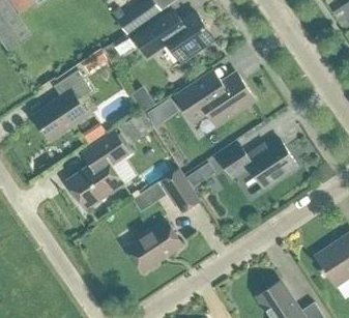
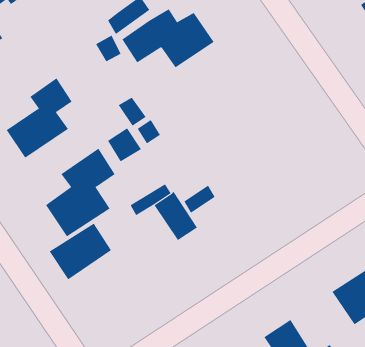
building: [175,69,255,124] -> none
building: [219,139,297,187] -> none
building: [127,221,182,270] -> [49,223,112,280]

